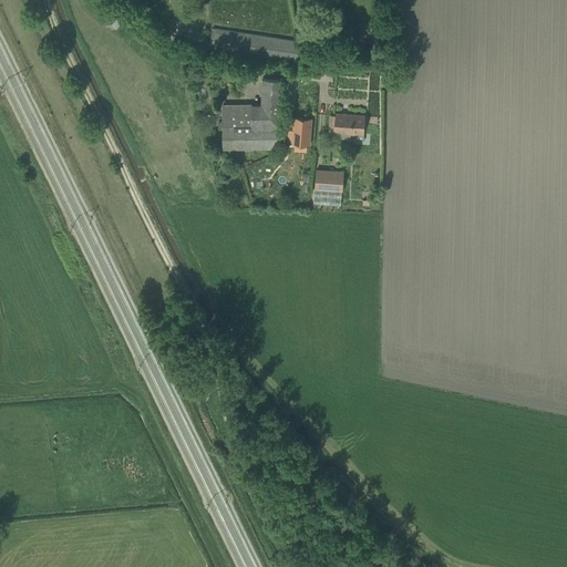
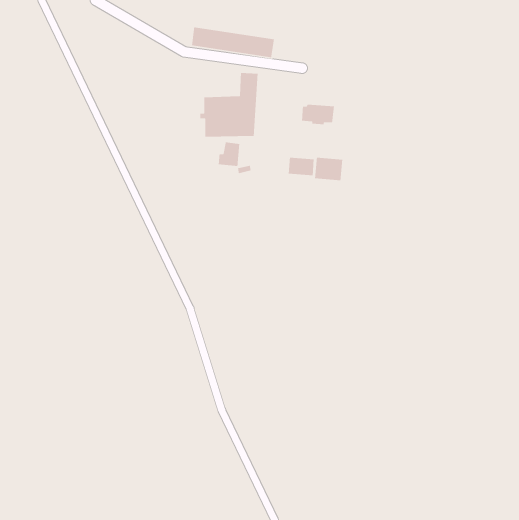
building: [286,117,310,145] -> [218,141,240,167]
building: none -> [314,157,343,181]

